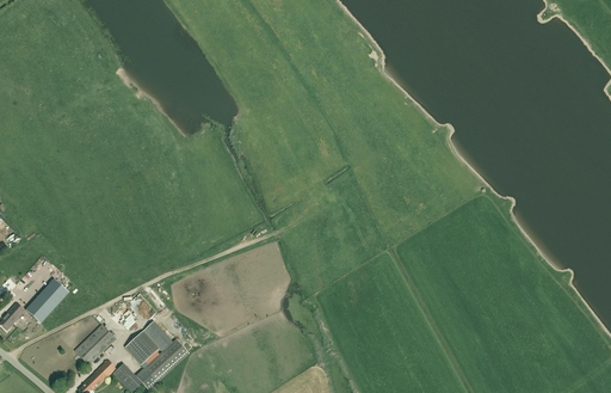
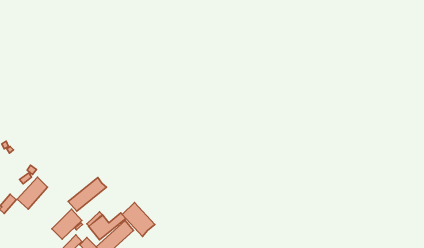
building: none -> [68,178,106,211]
building: none -> [122,203,155,236]

